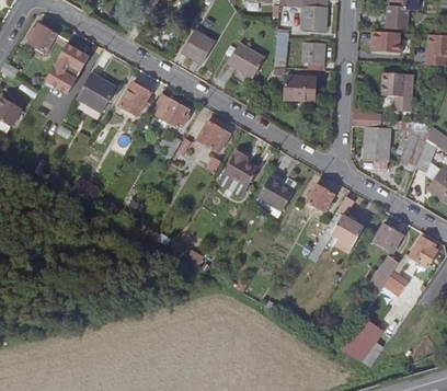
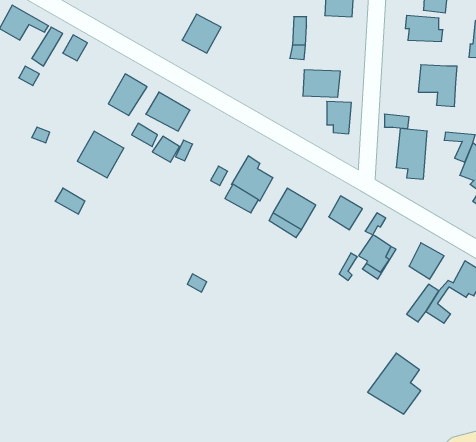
building: [228,43,264,76] -> none
building: [303,43,324,70] -> [327,101,351,134]
building: [77,72,116,112] -> [77,131,124,178]
building: [196,120,225,150] -> none

